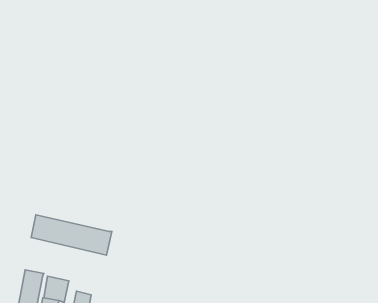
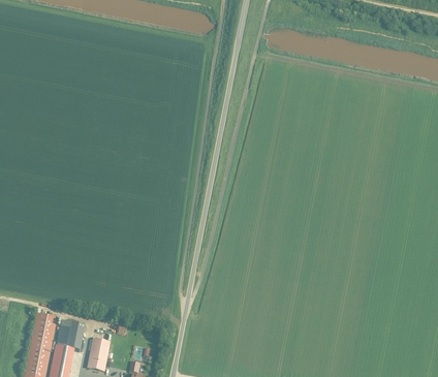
building: [31,215,112,255] -> none

